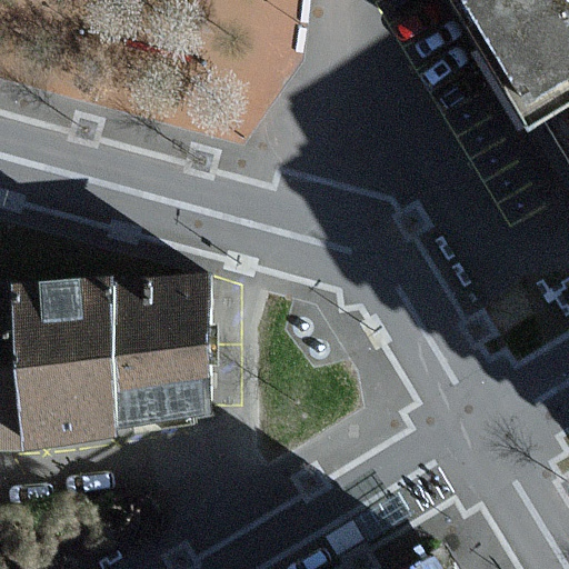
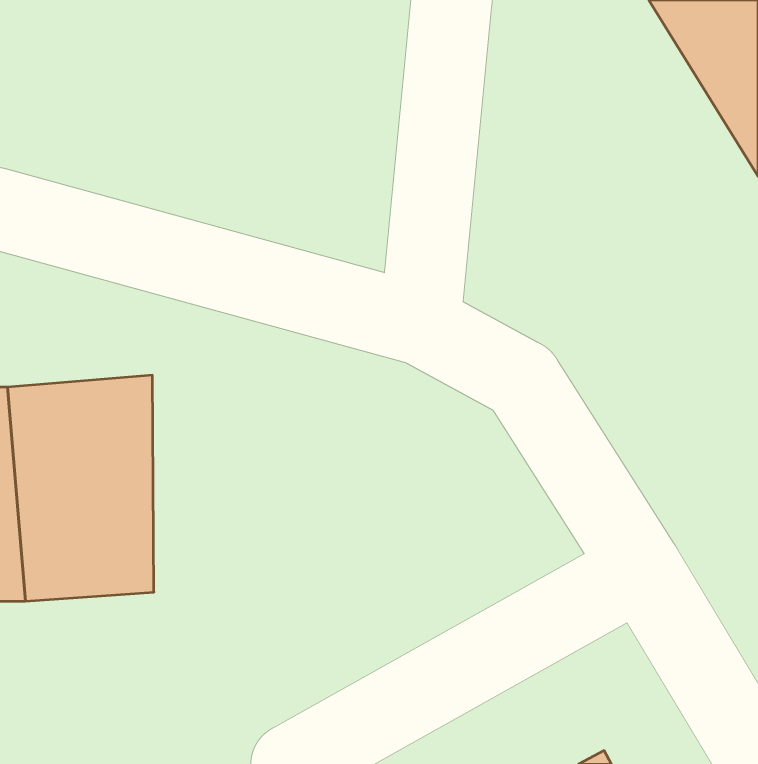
building: [113,276,207,440] -> none

